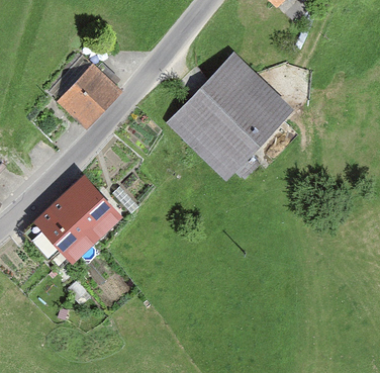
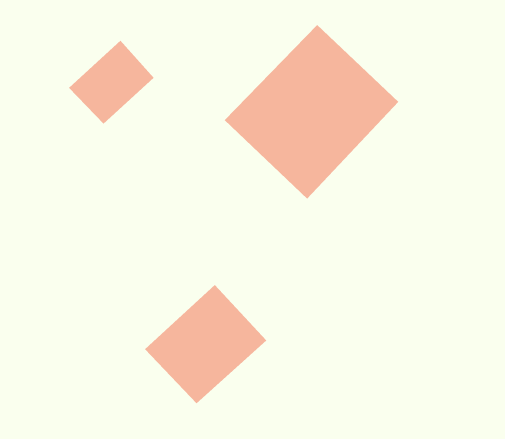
building: [32,178,120,264] -> [144,284,267,404]

